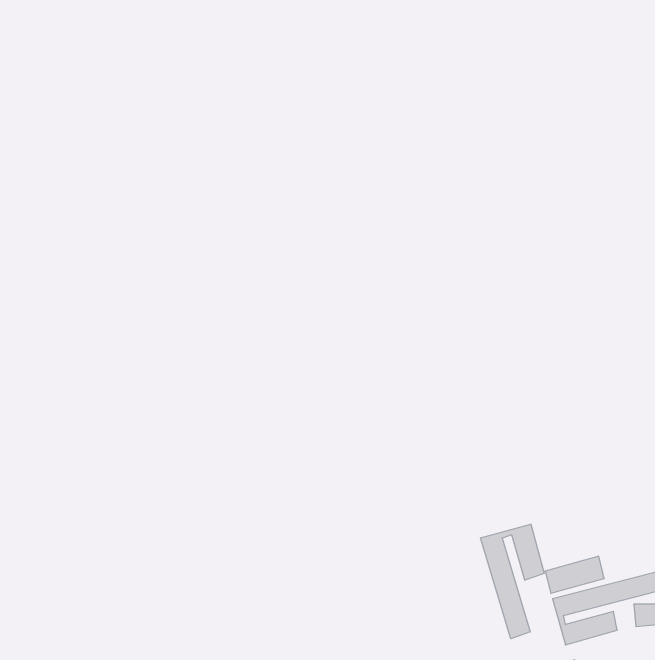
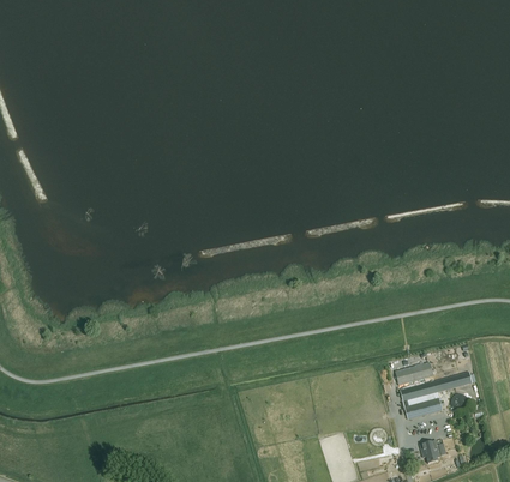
building: [481,524,544,639] -> none

